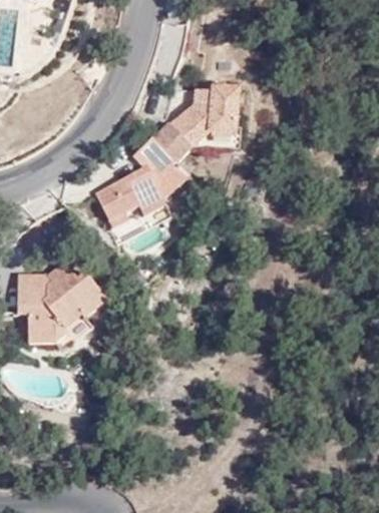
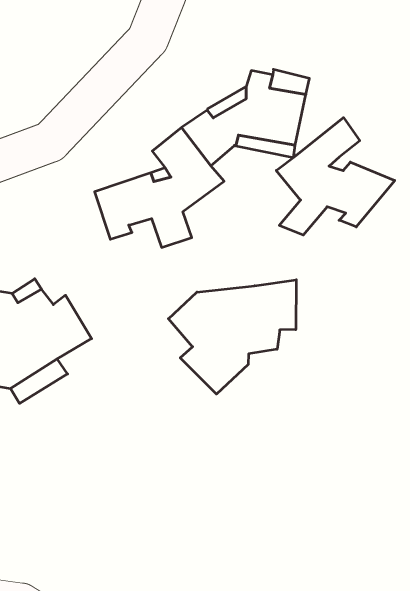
building: none -> [276,118,395,235]
building: none -> [168,280,296,394]

